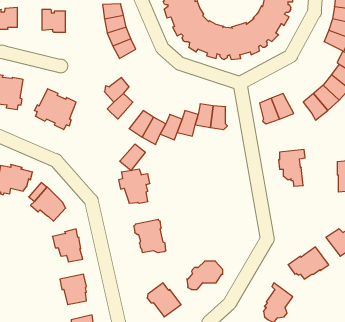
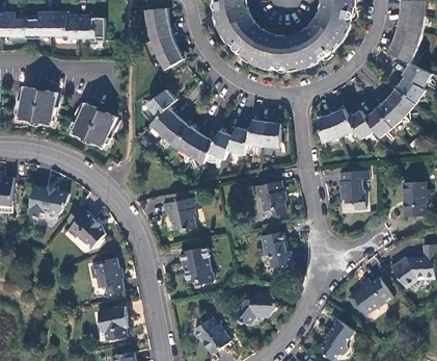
building: none -> [51,14,78,41]
building: none -> [347,110,374,139]
building: [120,144,145,171] -> [161,118,189,147]
building: none -> [256,180,285,215]
building: none -> [261,231,292,267]

